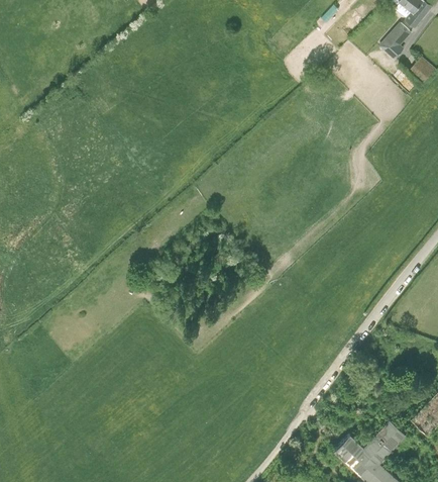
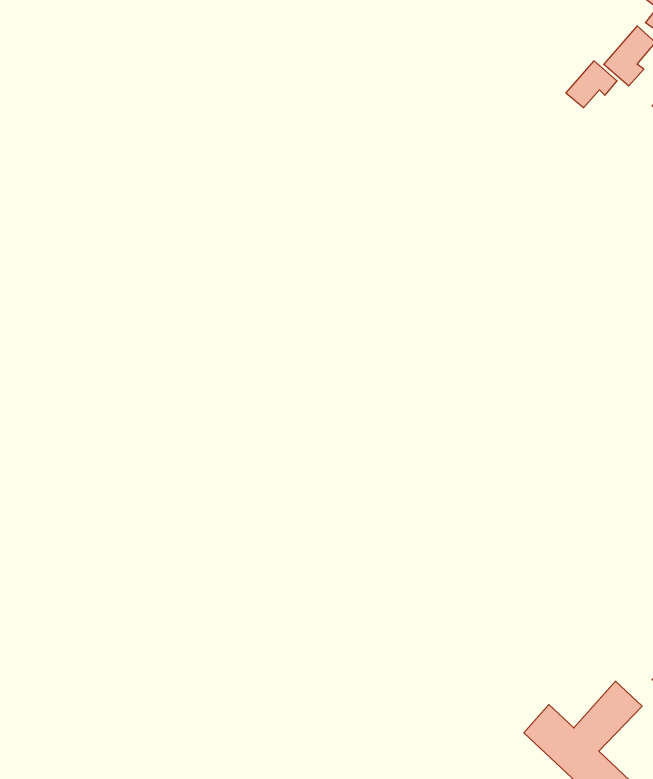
building: none -> [566,61,617,108]

